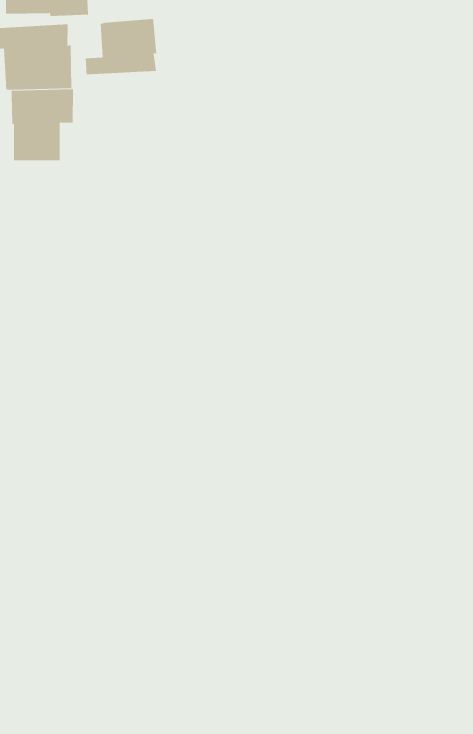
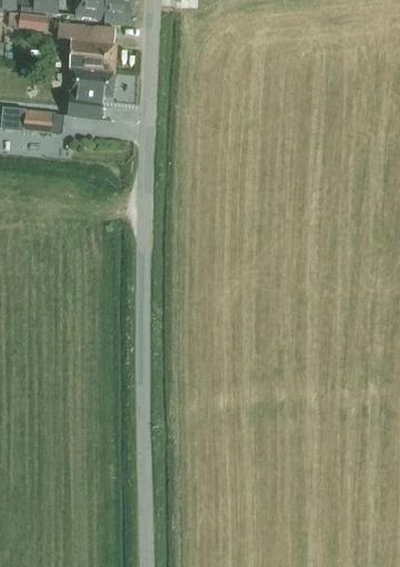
building: [85,18,157,75] -> none

